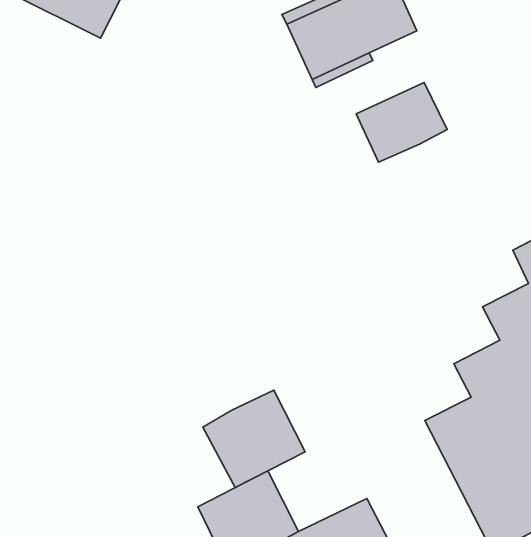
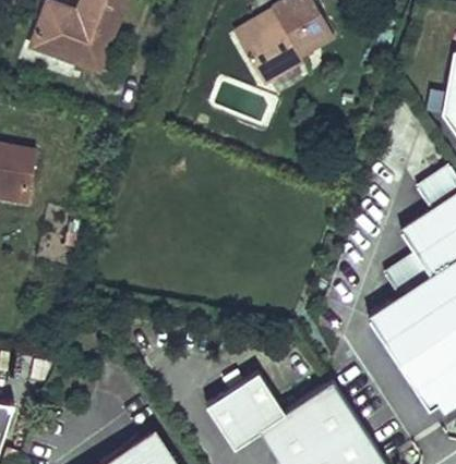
building: [356,82,447,162] -> none
building: [203,390,305,488] -> none

